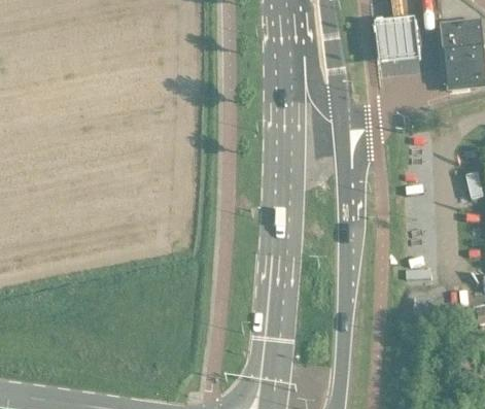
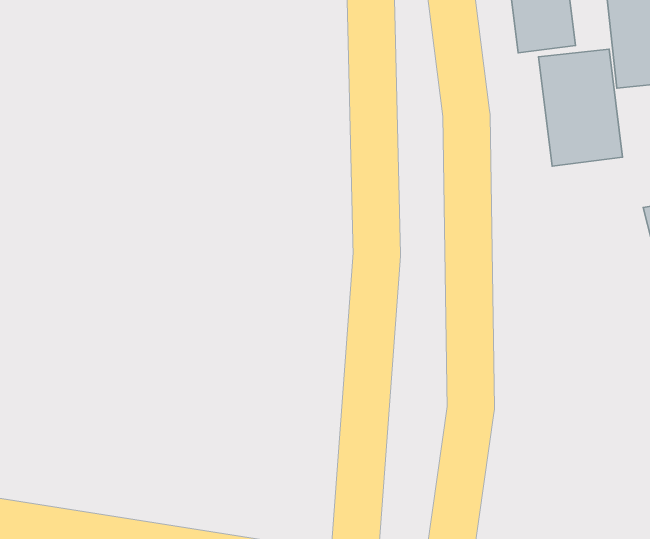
building: none -> [538,49,622,166]

